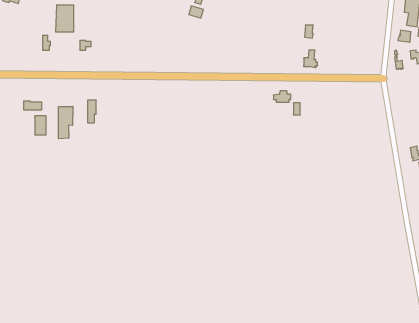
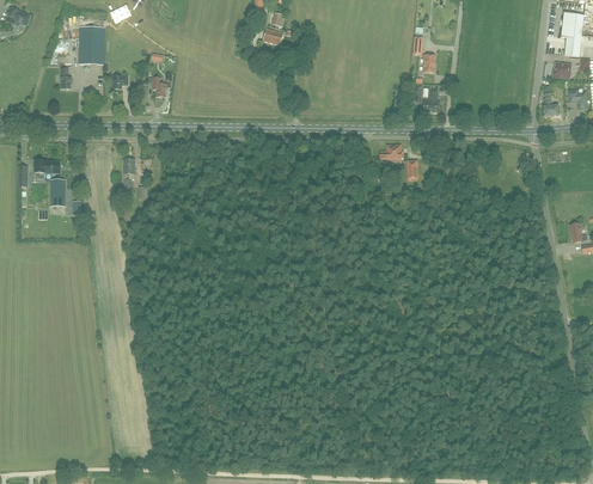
building: [59,106,73,139] -> none

